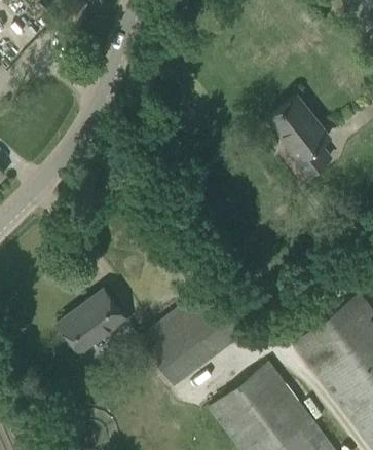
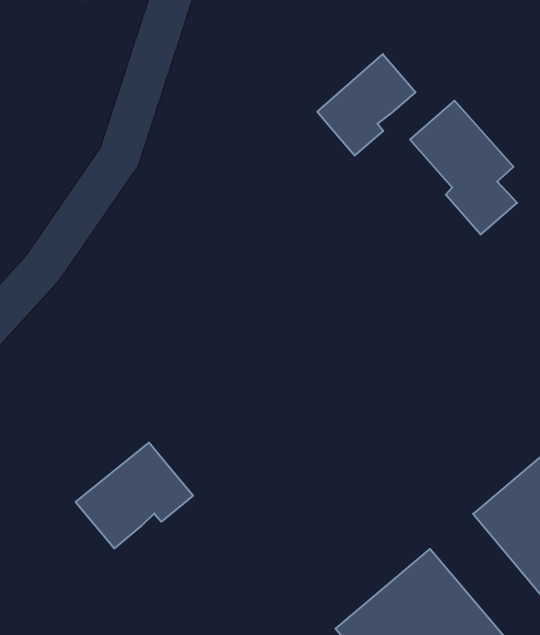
building: none -> [317,54,416,156]
building: [139,286,245,385] -> none

